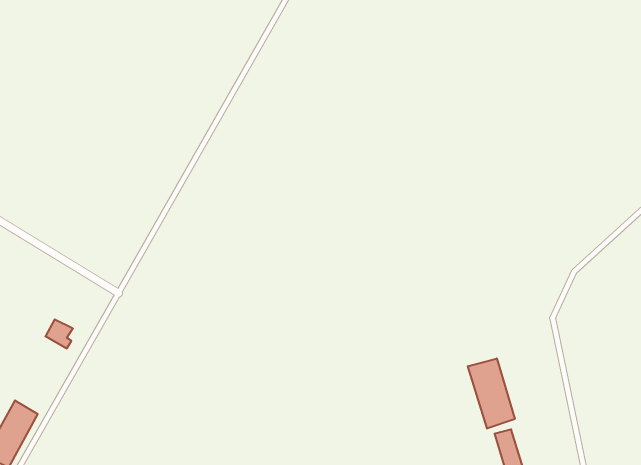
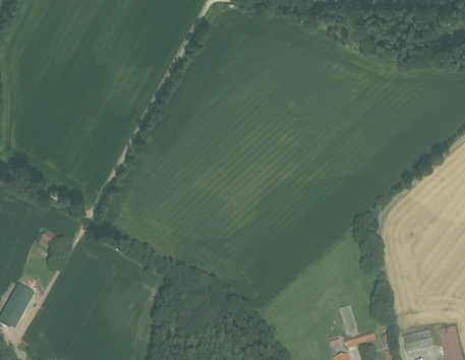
building: [468,358,515,429] -> none

